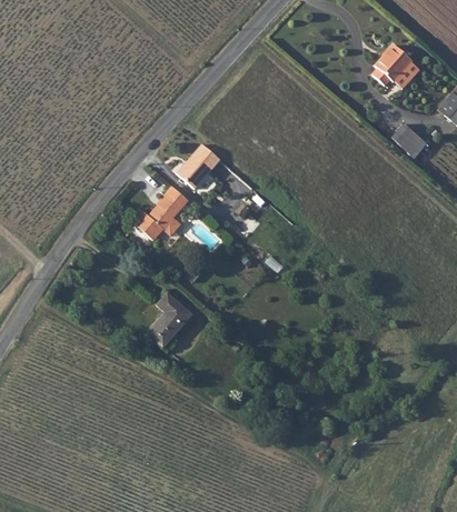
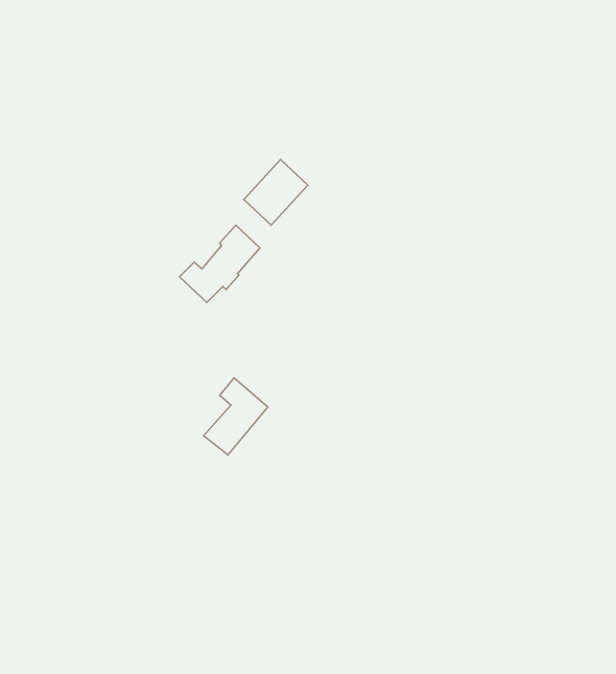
building: [371,43,418,87] -> none
building: [390,122,429,159] -> none

